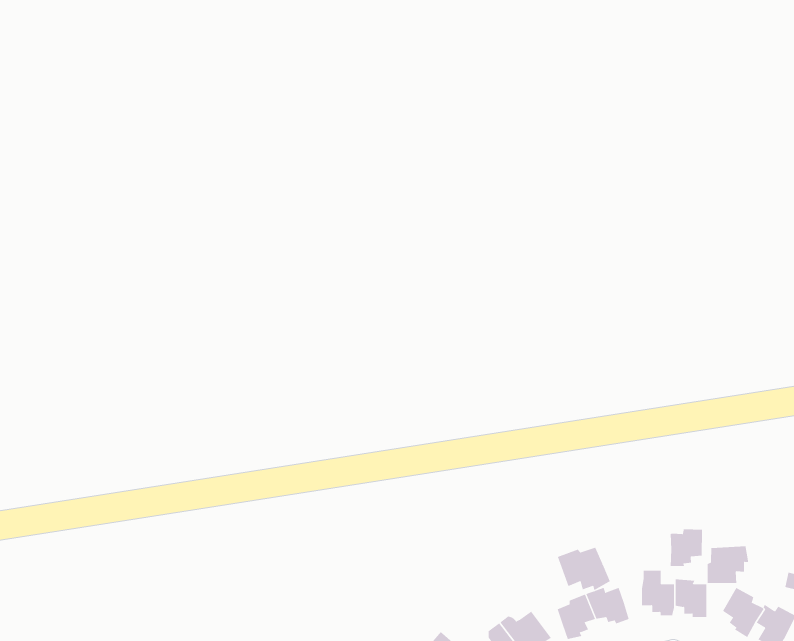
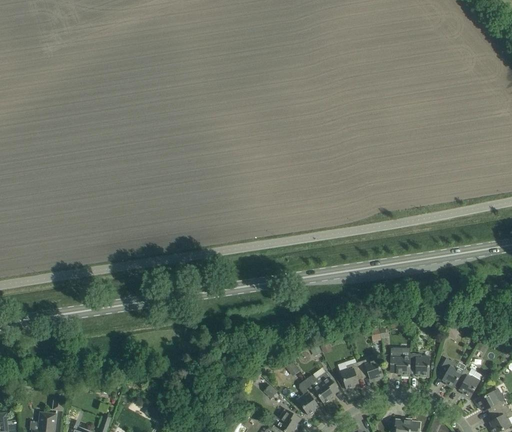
building: [670,528,702,567] -> none
building: [707,545,749,584] -> none
building: [557,547,611,591] -> none

